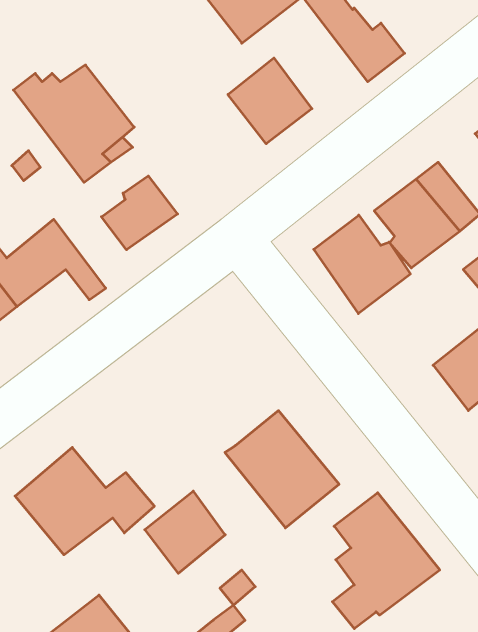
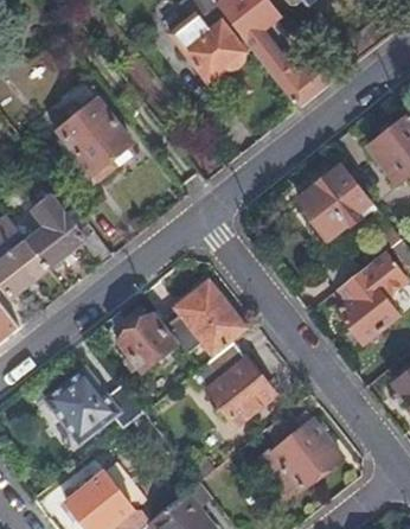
building: [228,58,312,144] -> none
building: [101,176,178,250] -> none
building: [314,215,410,314] -> none
building: none -> [162,283,238,350]
building: [145,491,225,573] -> [118,313,175,371]

